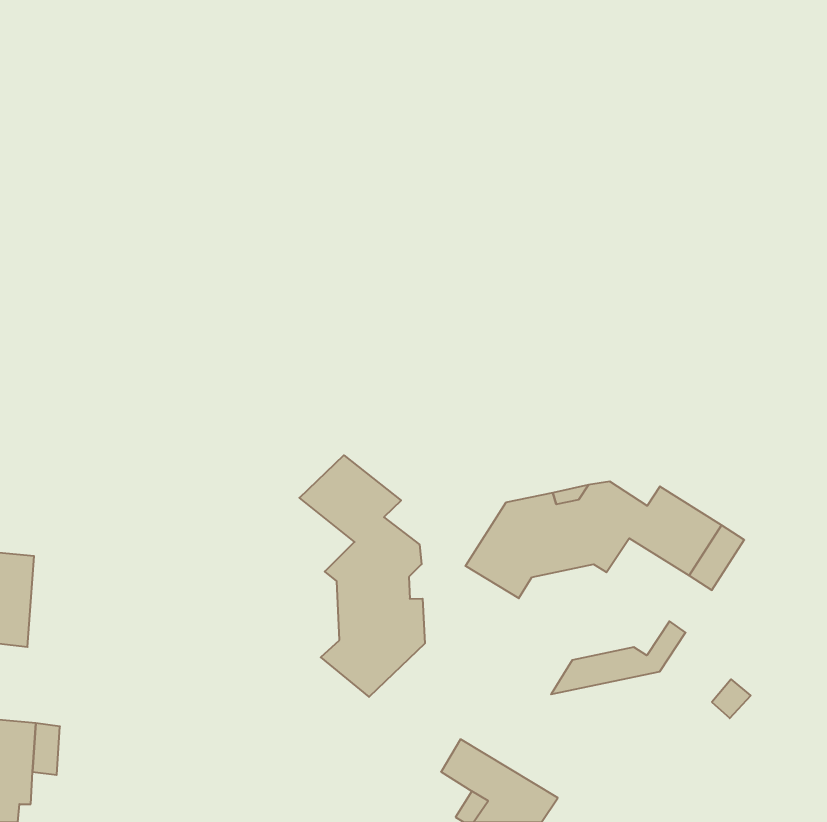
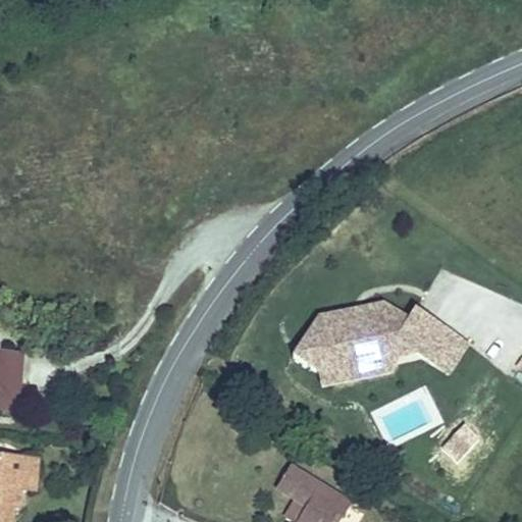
building: [299,455,425,697] -> none
building: [551,621,686,694] -> [321,338,406,384]

